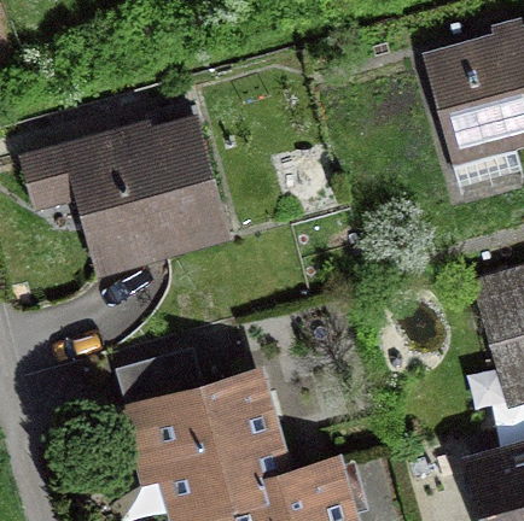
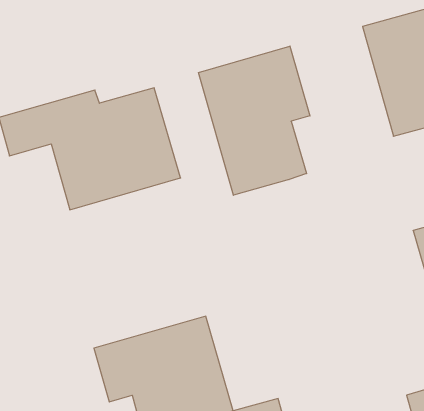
building: none -> [199,46,310,195]

